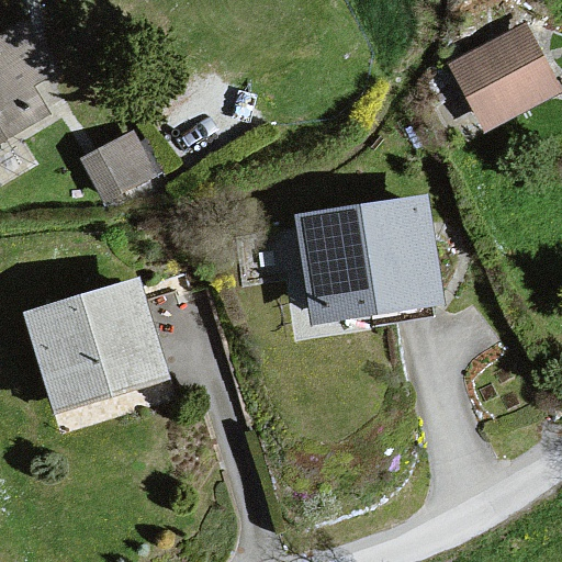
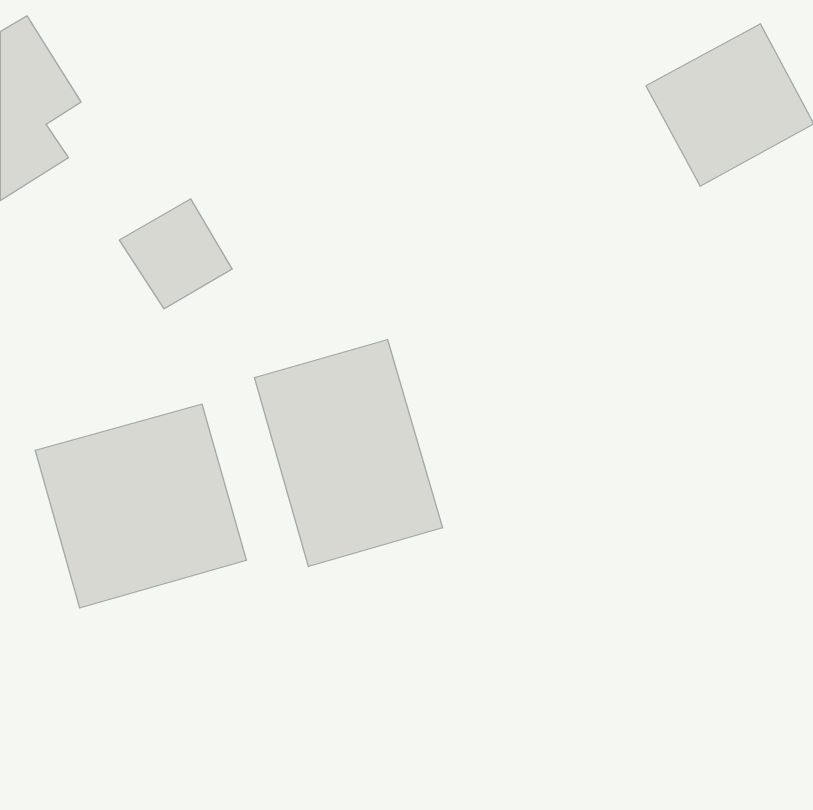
building: [297,196,440,322] -> none
building: none -> [254,339,443,567]

